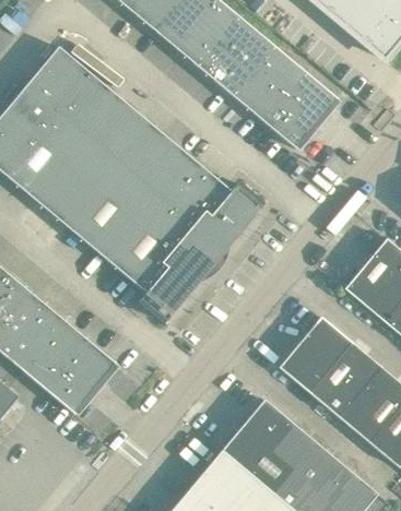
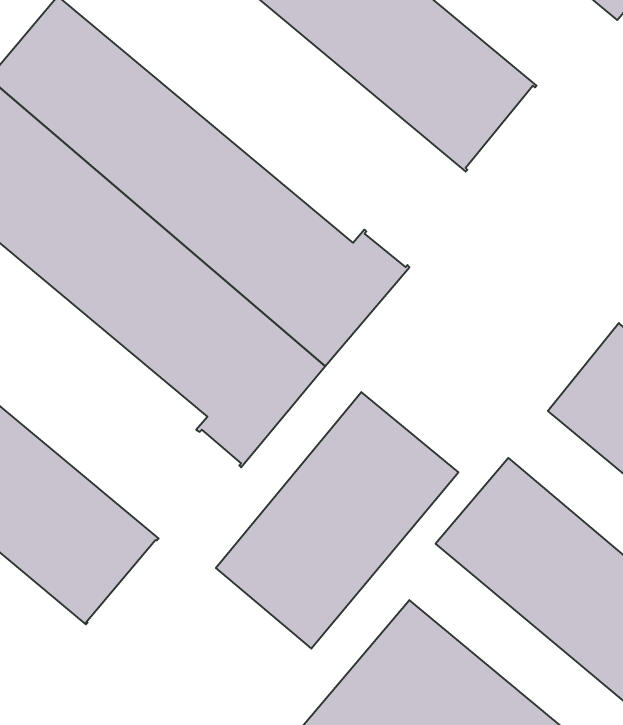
building: none -> [216,392,458,649]

